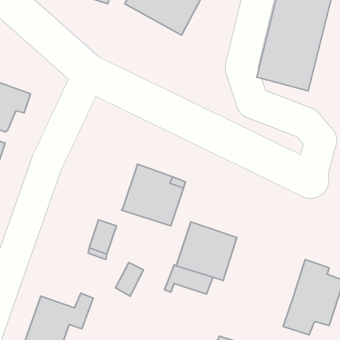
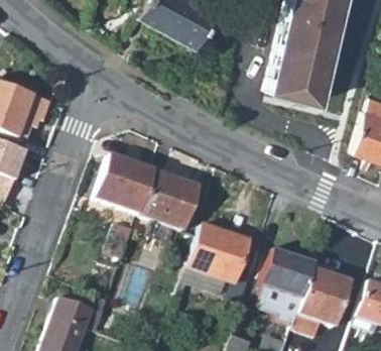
building: none -> [98,156,152,213]
building: none -> [259,249,314,324]

